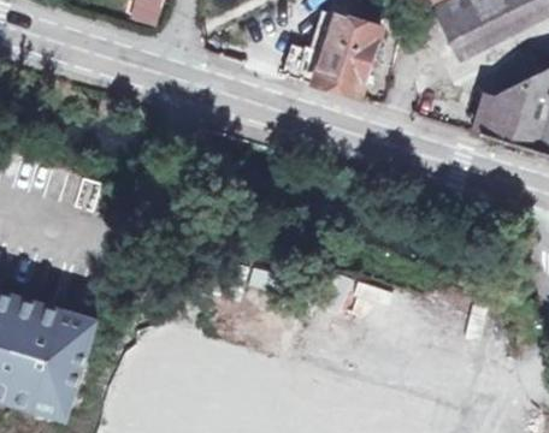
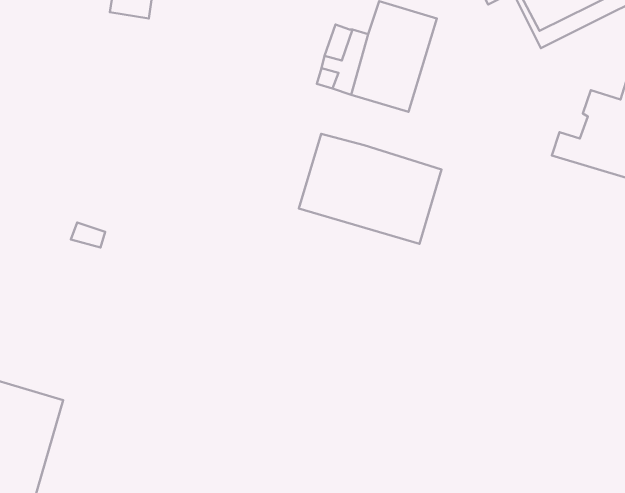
building: none -> [299,134,442,244]

